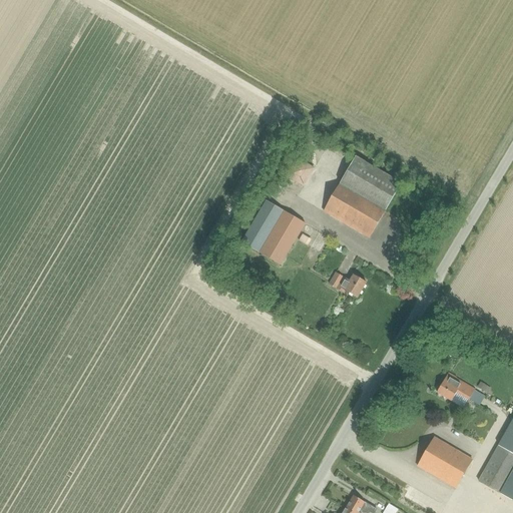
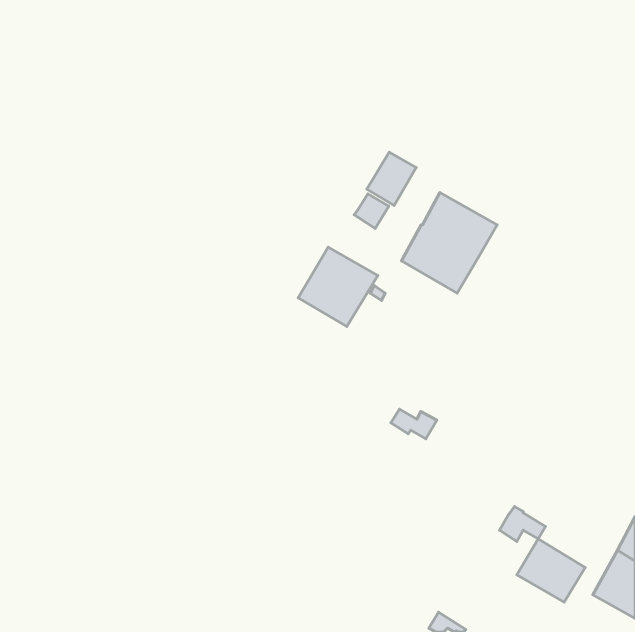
building: none -> [367,152,416,205]
building: [329,272,366,296] -> [391,409,437,439]
building: [437,372,474,400] -> [500,507,546,541]

